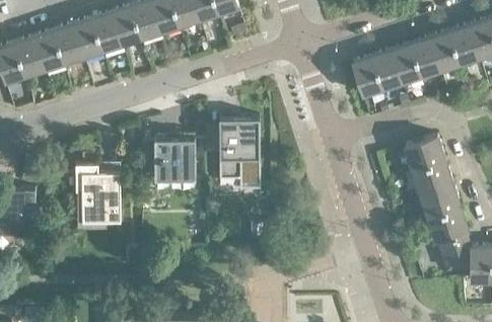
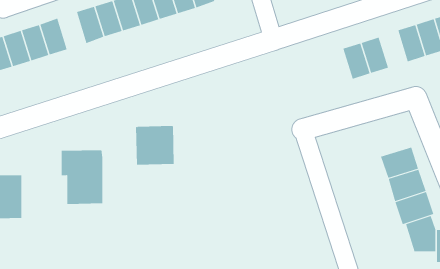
building: [73,18,102,58] -> none
building: [411,37,440,77] -> none
building: [352,57,382,96] -> none
building: [219,117,262,188] -> none
building: [405,136,445,170] -> none

